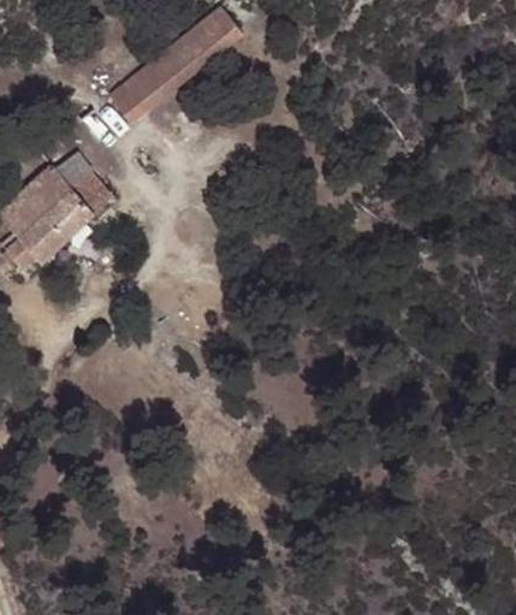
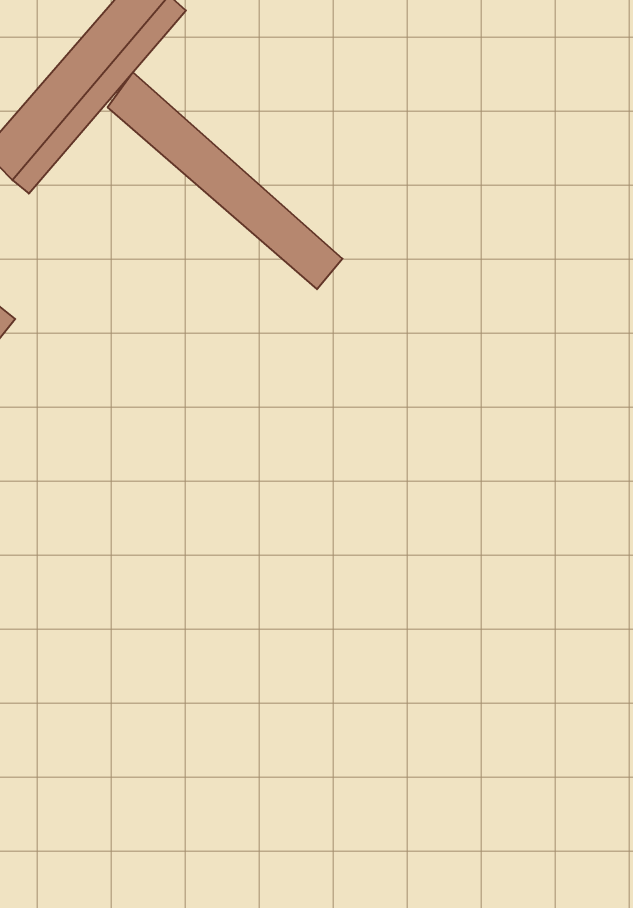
building: none -> [108,72,343,289]

